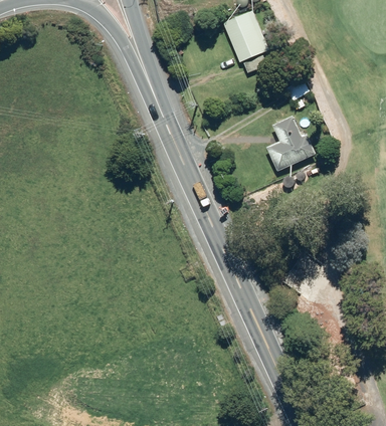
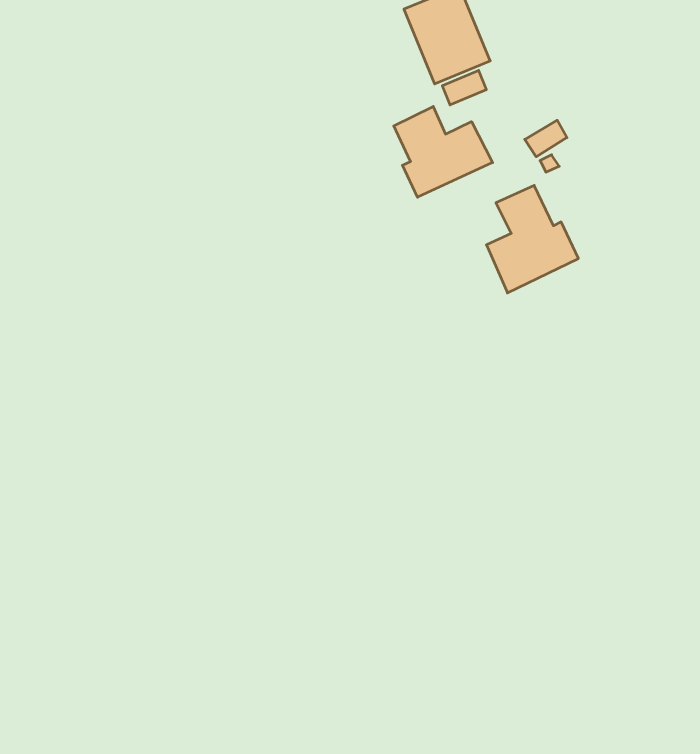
building: none -> [394,106,493,197]

